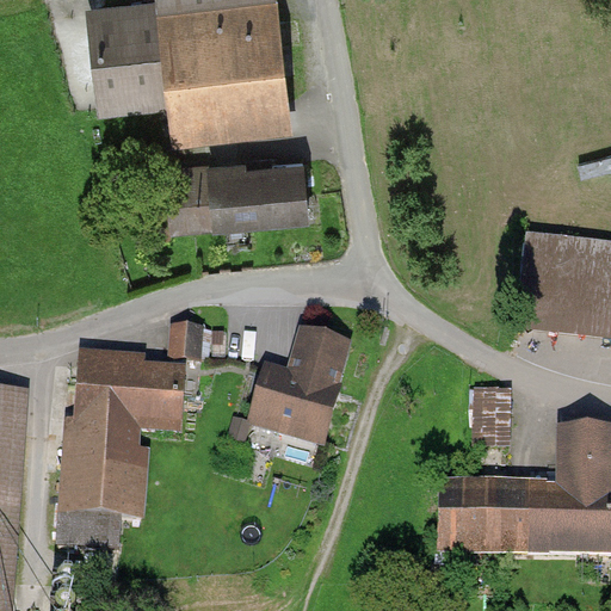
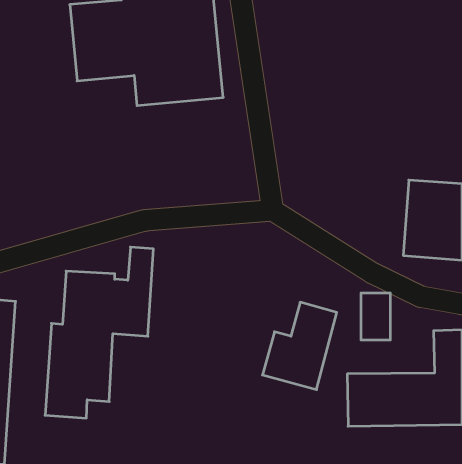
building: [174,154,321,232] -> none
building: [242,321,339,434] -> [262,302,337,390]

